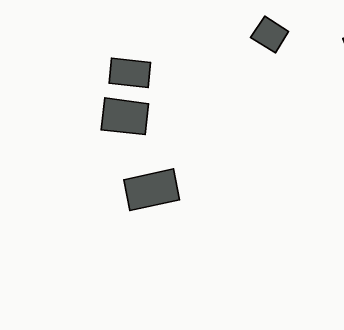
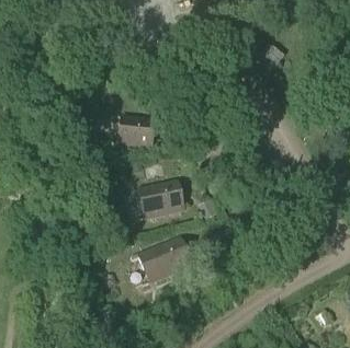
building: [109,58,150,88] -> none
building: none -> [143,237,191,279]

